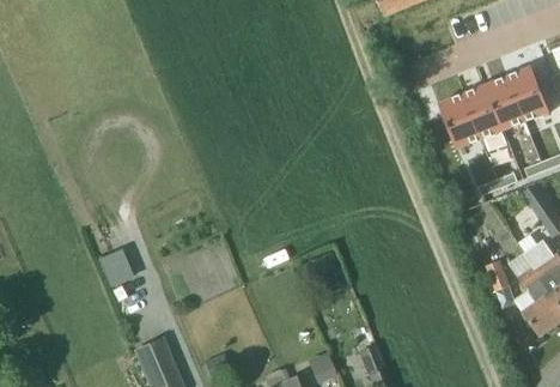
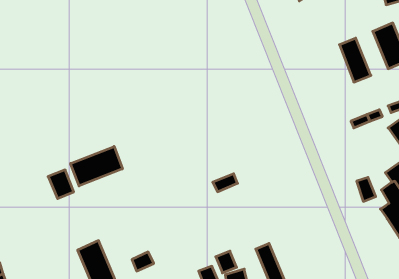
building: [485,75,525,131] -> none
building: [438,92,482,149] -> none
building: none -> [71,146,122,186]

